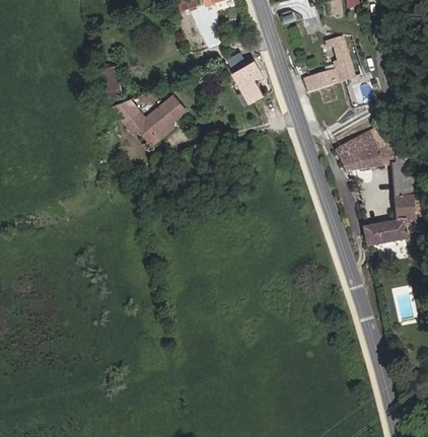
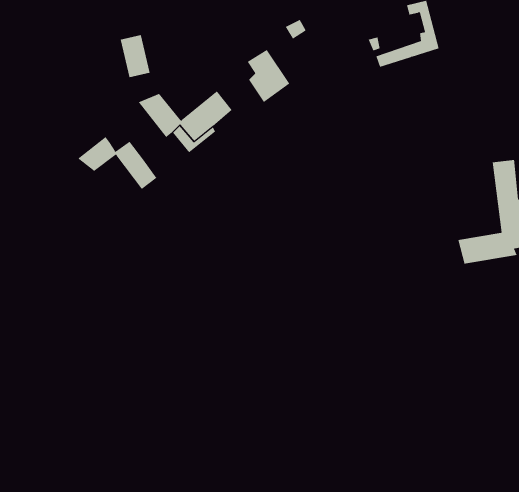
building: [237,58,272,100] -> [247,49,290,103]
building: [335,141,386,170] -> none
building: none -> [77,136,157,190]

